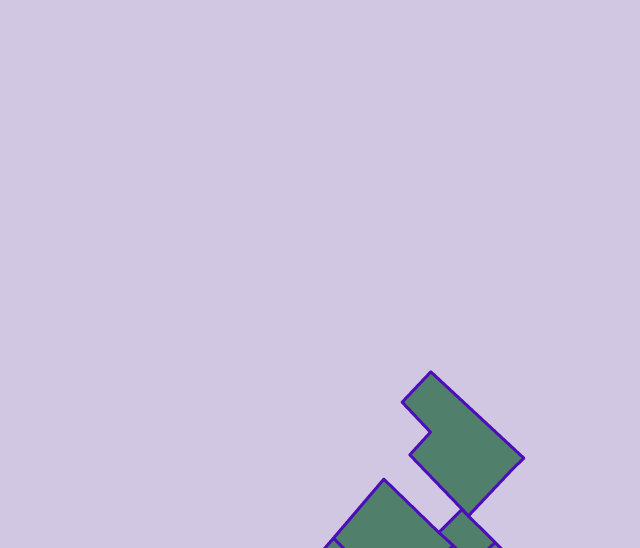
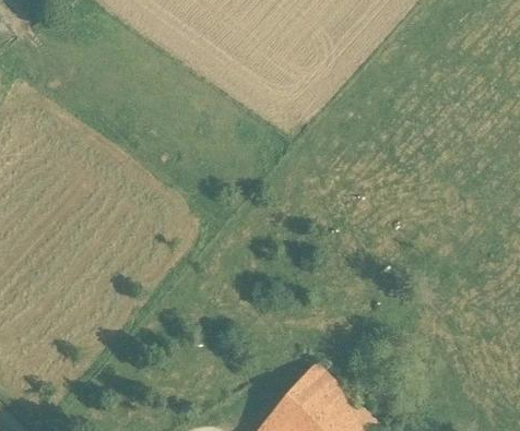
building: [402,372,524,516] -> none

